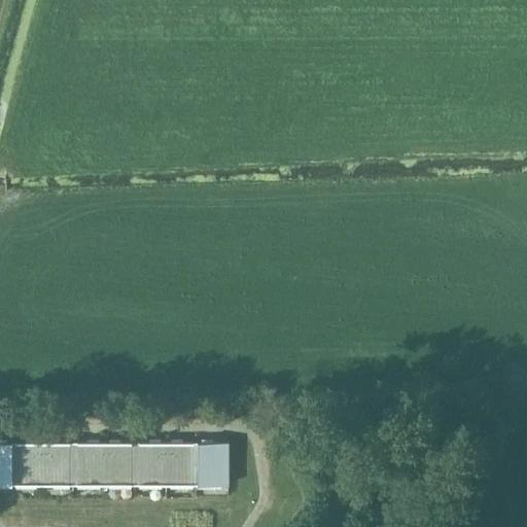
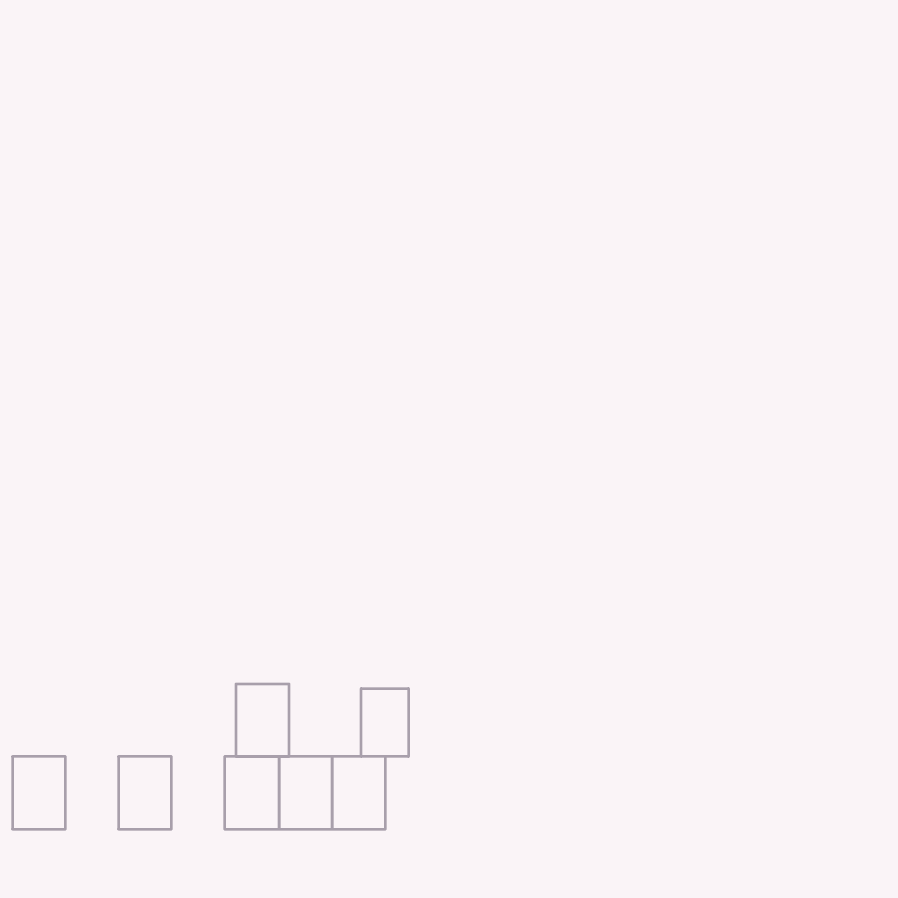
building: none -> [361,688,408,757]
building: [41,444,72,486] -> none
building: [103,444,134,486] -> [236,684,289,757]

